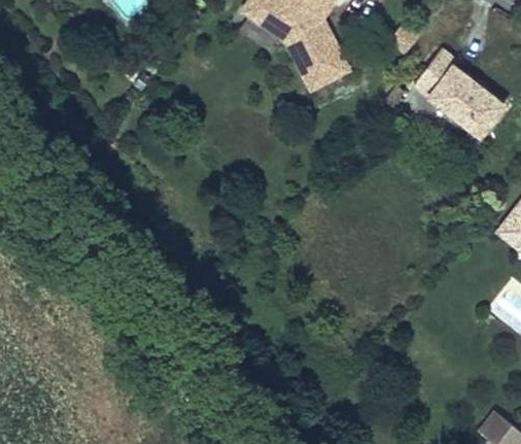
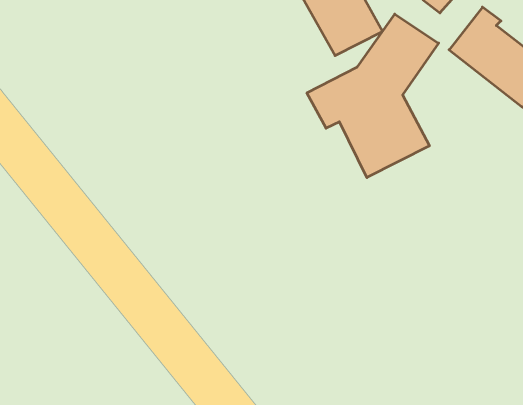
building: none -> [307,14,439,178]

